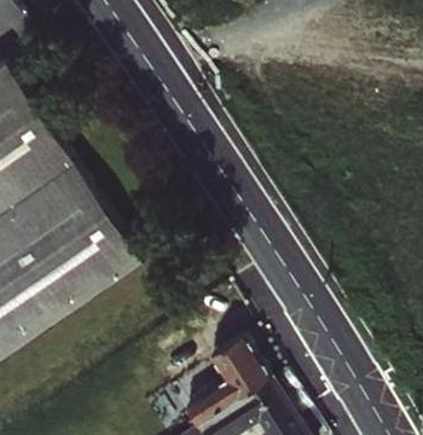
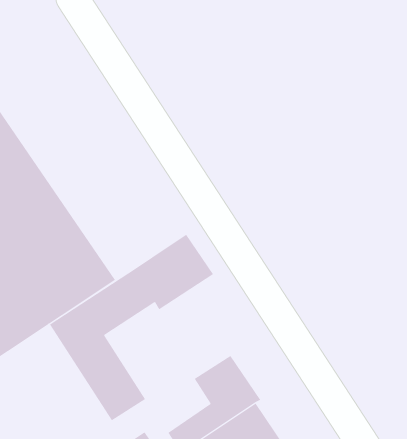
building: none -> [49,234,214,421]

